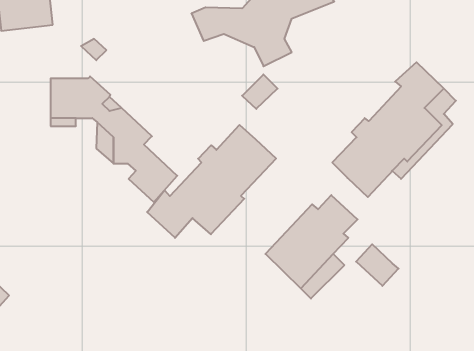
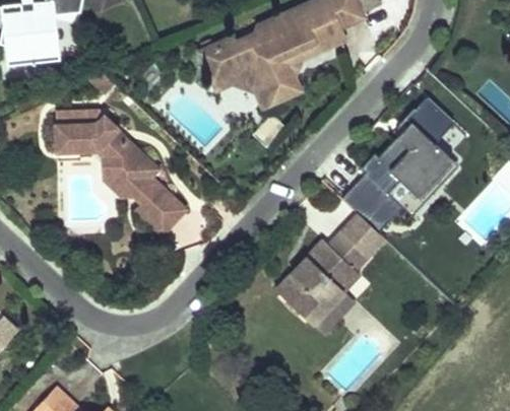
building: none -> [212,69,272,107]
building: [147,125,276,238] -> none
building: [356,244,399,286] -> [340,213,383,255]

